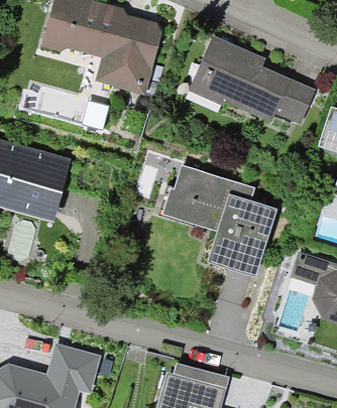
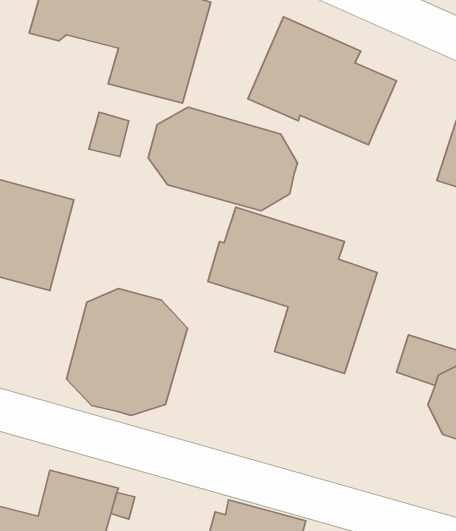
building: [275,79,316,124] -> none
building: none -> [148,107,297,211]
building: none -> [67,289,187,415]

